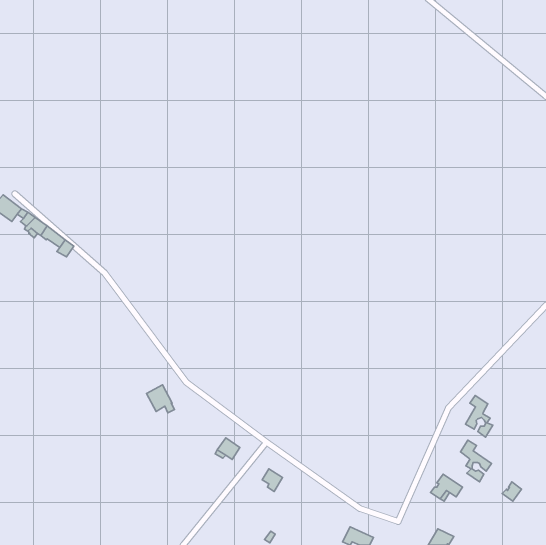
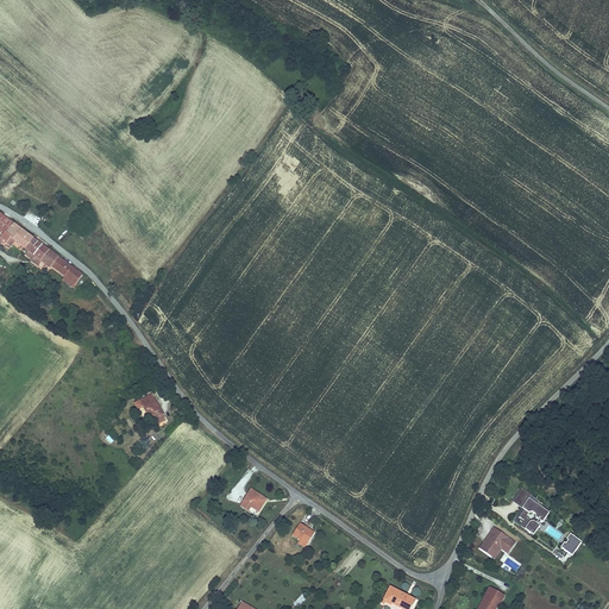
building: [147,385,174,413] -> [133,391,164,422]
building: [466,396,493,437] -> none

